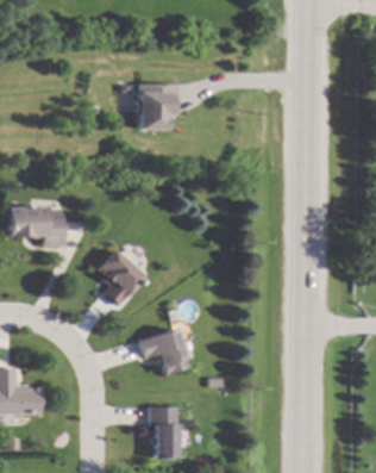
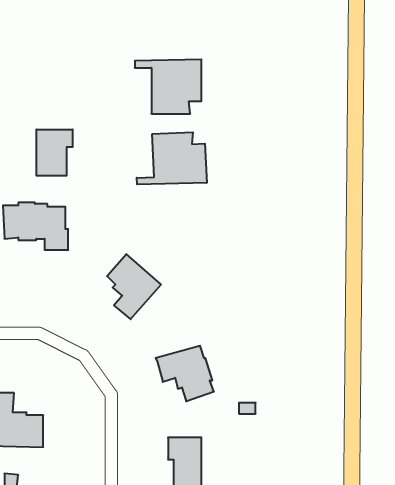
building: none -> [36,129,73,176]
building: none -> [137,132,207,184]

